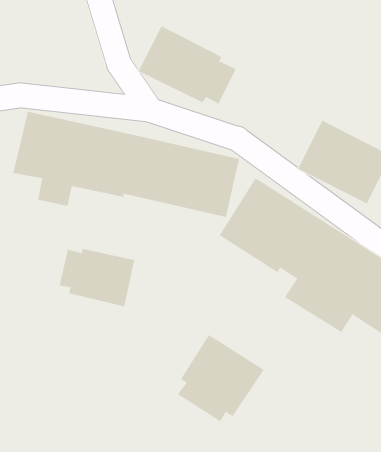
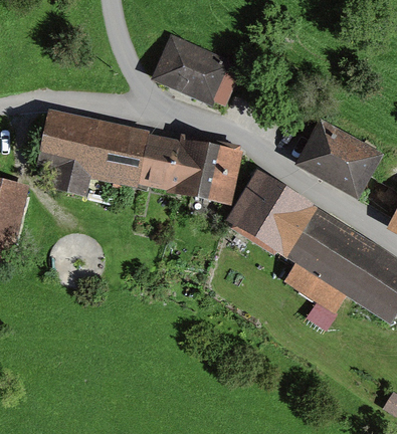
building: [59,248,135,307] -> none
building: [177,334,265,422] -> none

